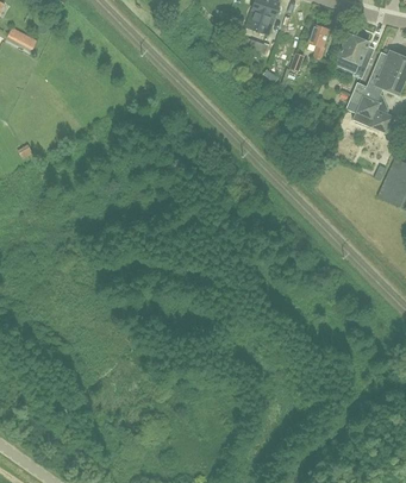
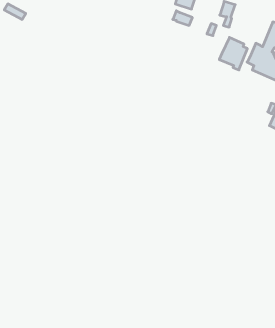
building: [335,32,374,77] -> [219,37,247,70]

